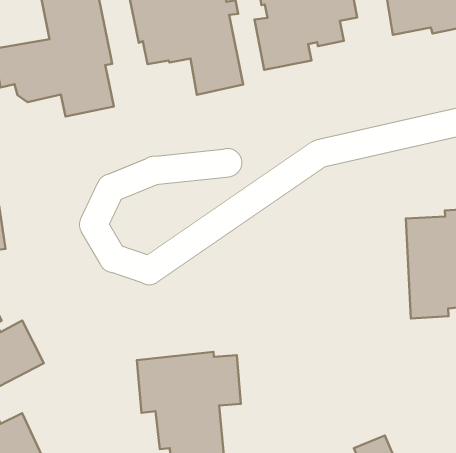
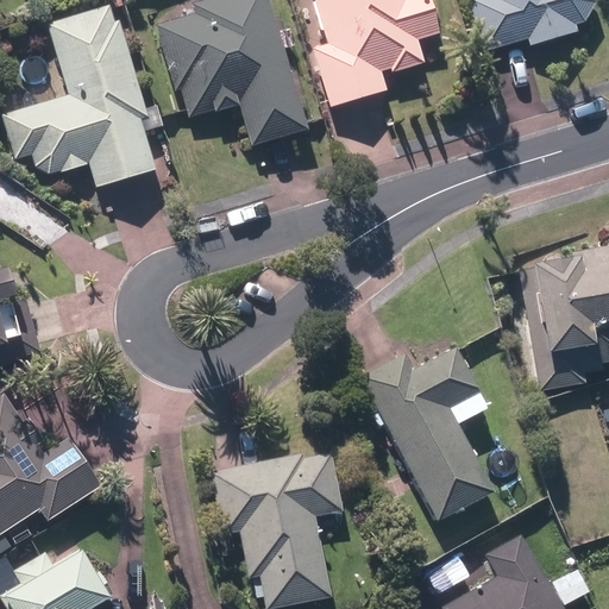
building: none -> [359,347,492,522]

